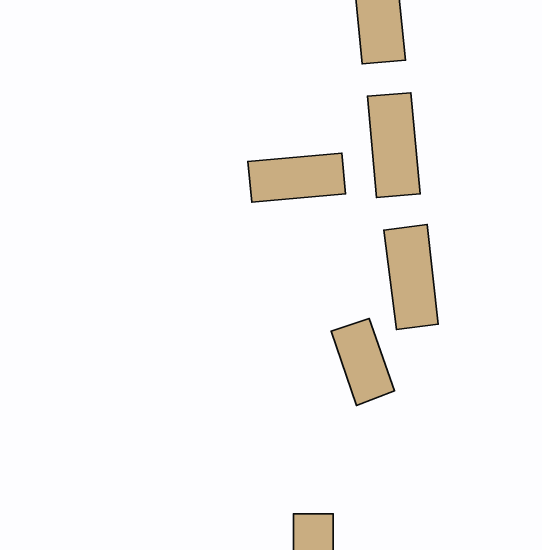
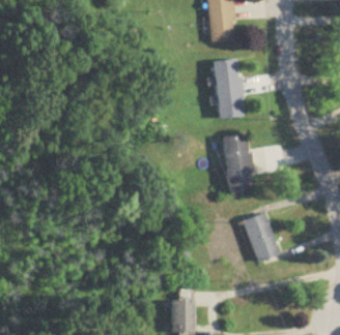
building: [248,153,346,202] -> none
building: [331,319,394,405] -> [244,212,280,262]

